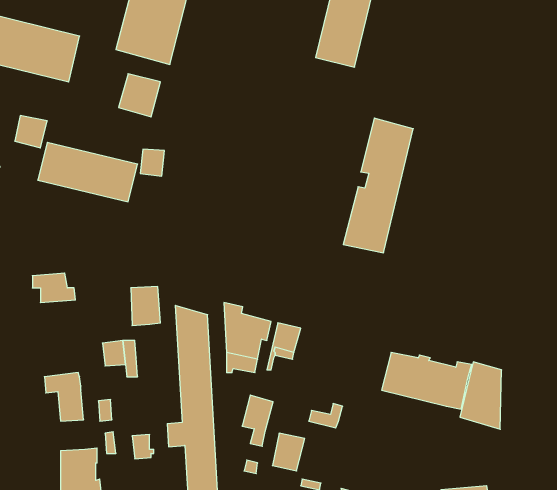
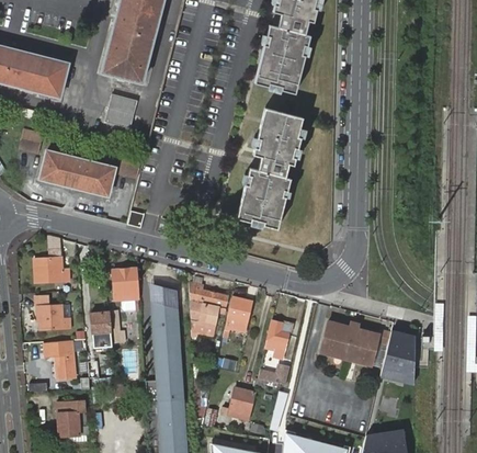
building: [343,118,413,253] -> [248,113,305,223]
building: none -> [36,295,67,329]
building: [242,395,273,446] -> [265,319,291,361]

